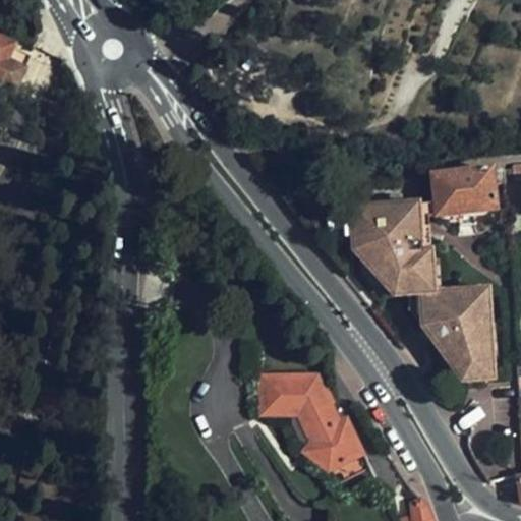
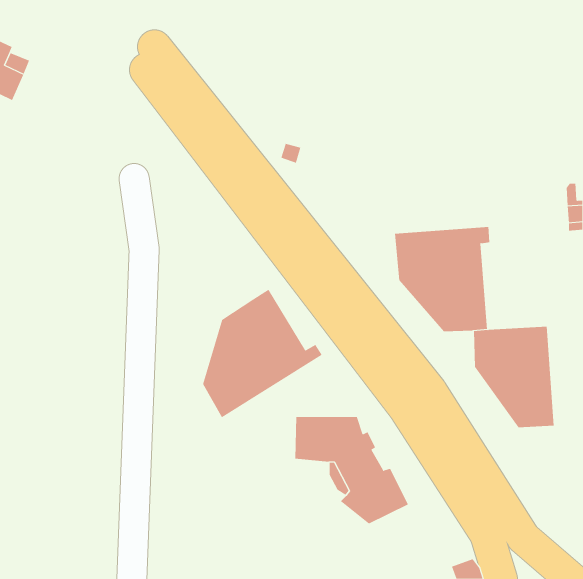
building: [431,168,496,216] -> none
building: none -> [203,289,323,418]

